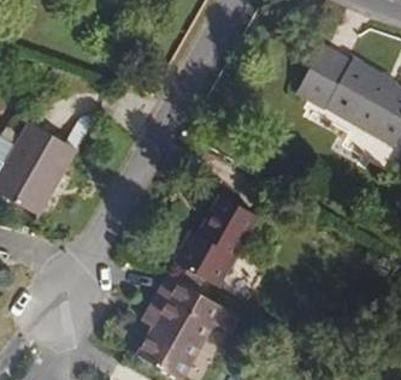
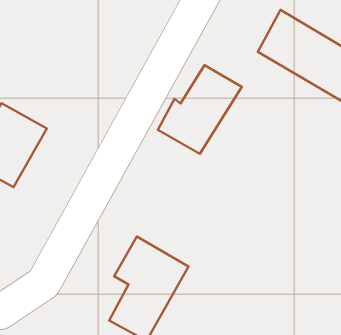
building: [173,188,258,277] -> [158,65,242,154]

